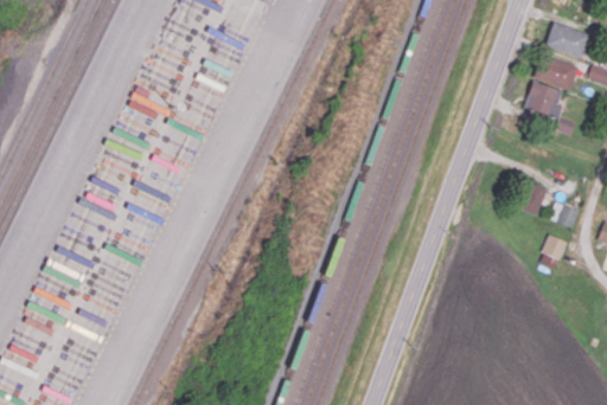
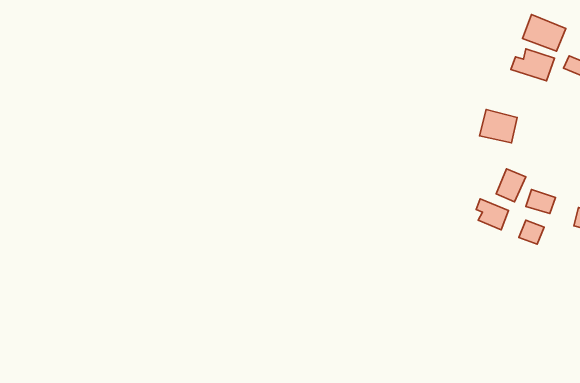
building: [525,82,564,116] -> [479,110,517,143]
building: none -> [476,199,509,230]

